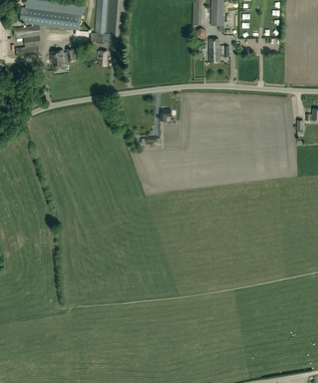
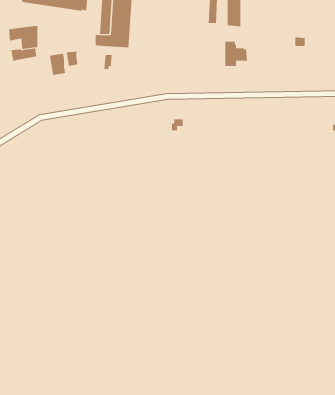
building: [19,7,82,30] -> none

